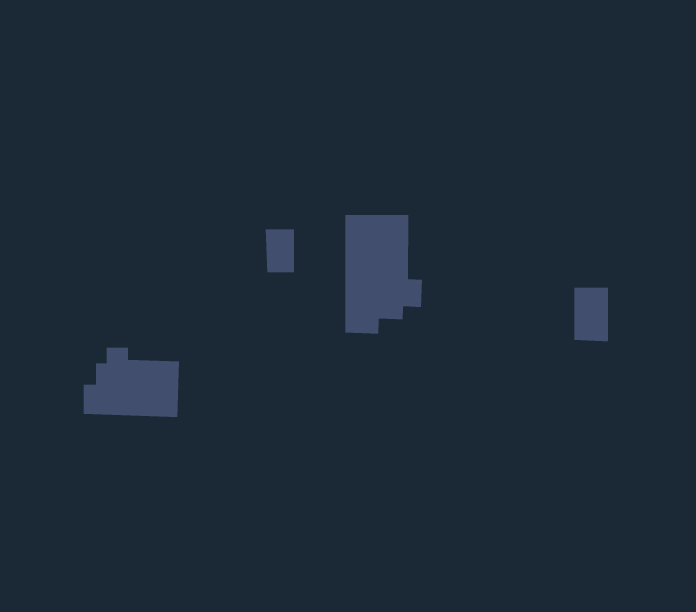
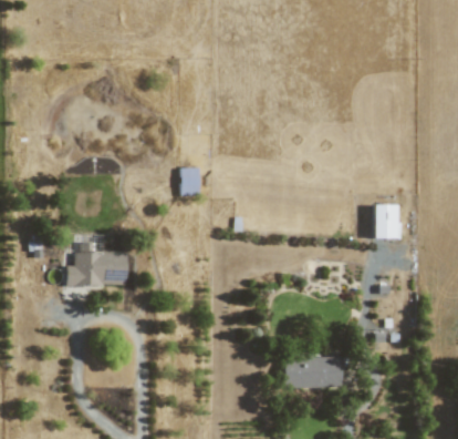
building: [345,214,423,335] -> none
building: none -> [285,357,343,388]

